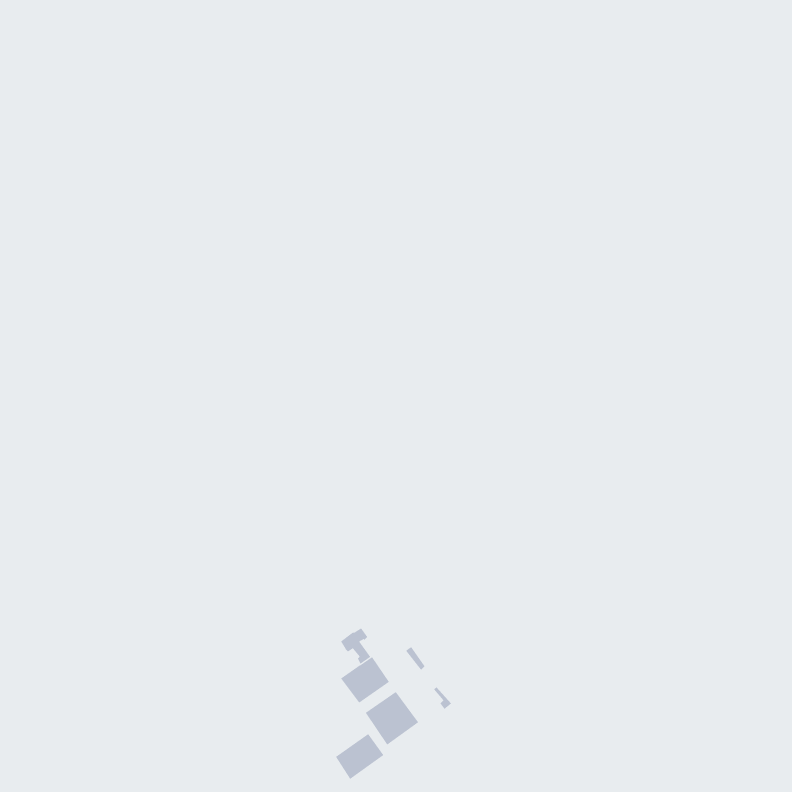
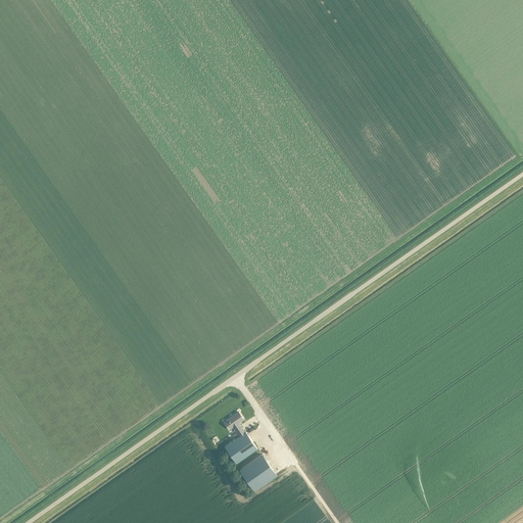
building: [335,733,384,780] -> none

